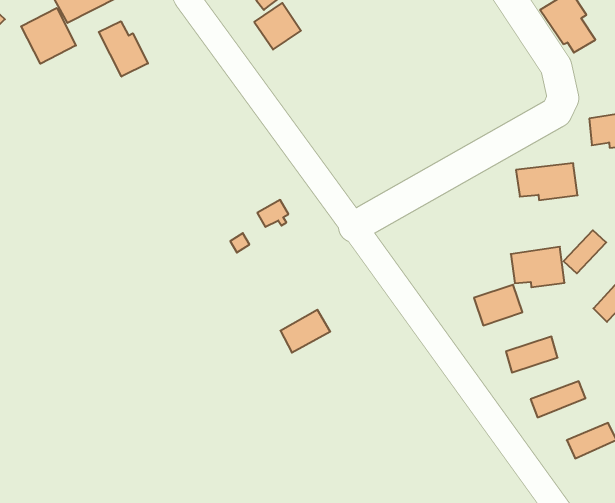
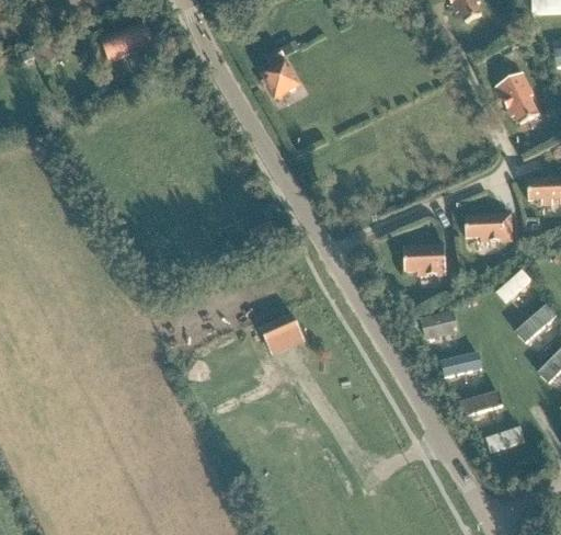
building: [21,8,76,64] -> none
building: [99,21,148,77] -> none
building: [511,247,565,287] -> [403,243,445,274]

